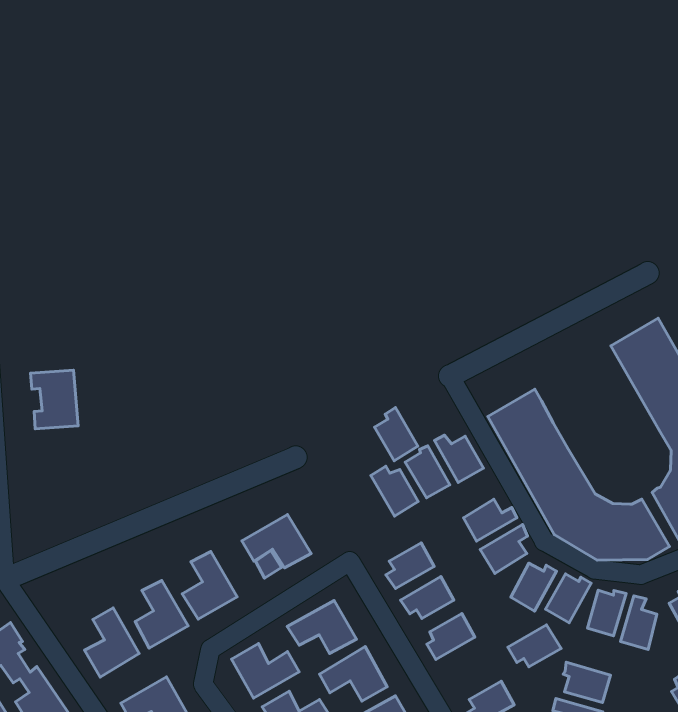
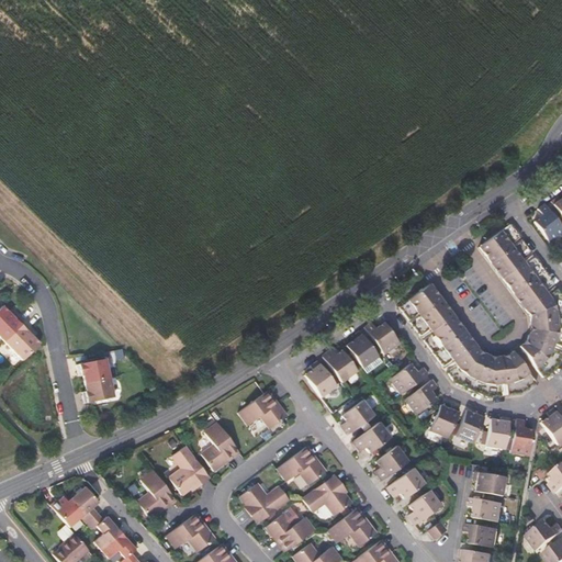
building: [31,370,78,429] -> [76,358,113,402]
building: [374,407,418,461] -> [305,360,337,397]
building: [508,625,561,667] -> [387,468,425,498]

